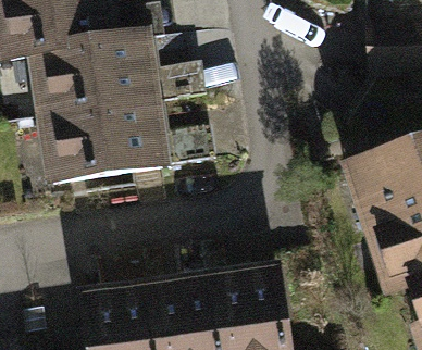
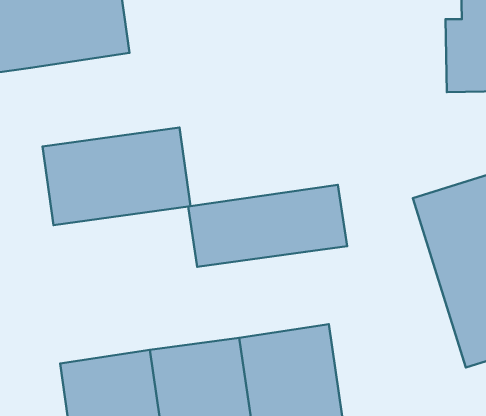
building: [41,53,161,133] -> none
building: none -> [188,185,347,267]

